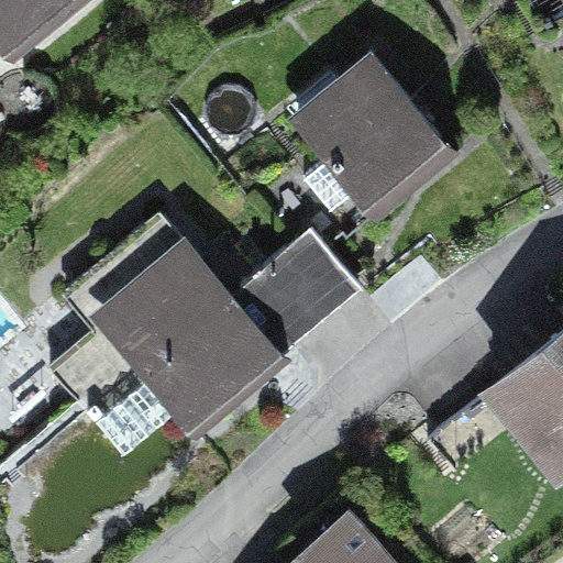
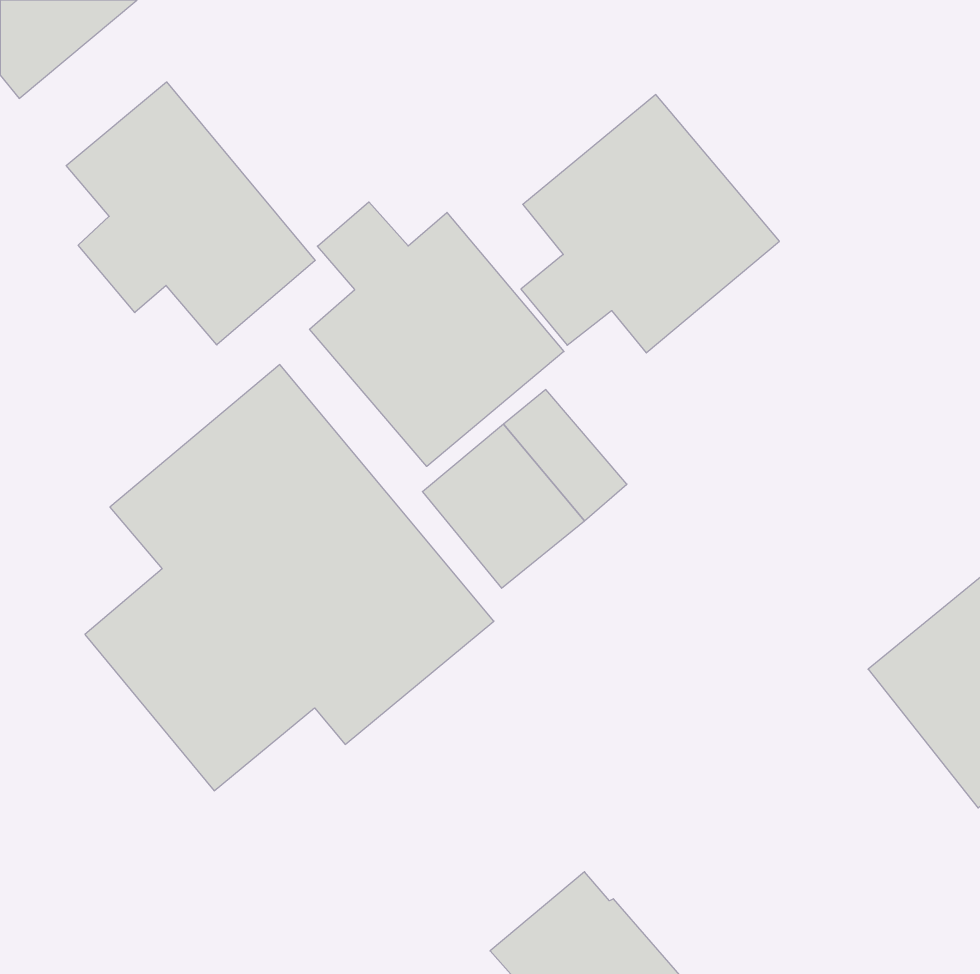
building: none -> [66,82,315,345]
building: none -> [310,202,564,466]

